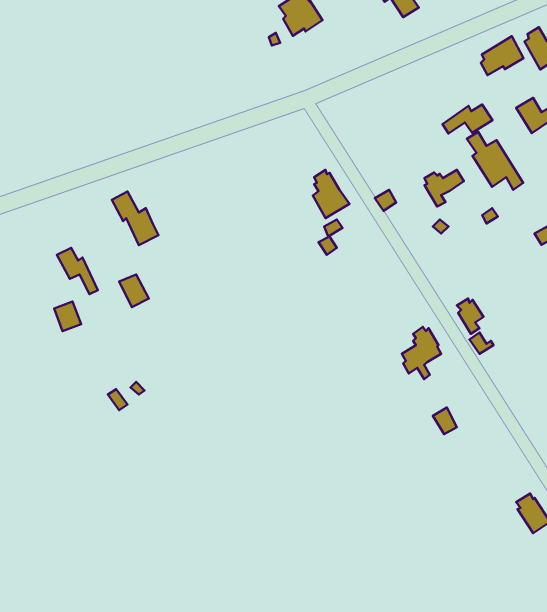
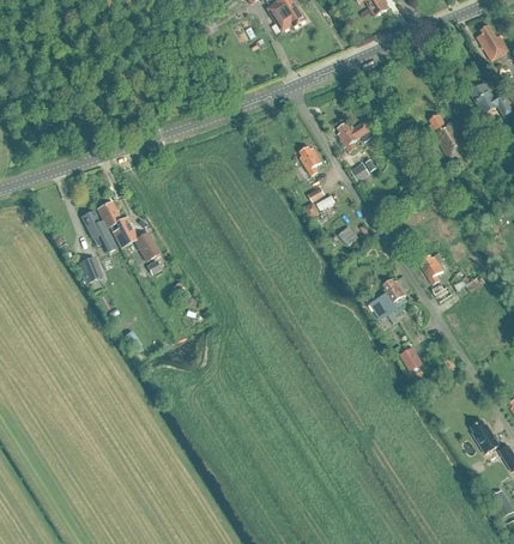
building: [481,36,523,75] -> none
building: [443,105,492,134] -> none
building: [424,170,464,206] -> [337,120,370,151]
building: [112,191,159,245] -> [97,201,137,247]

